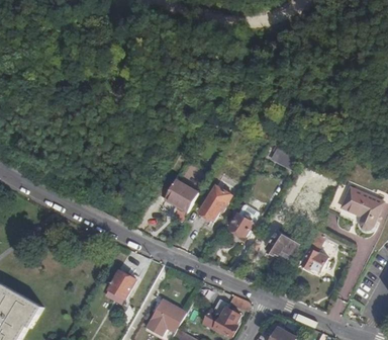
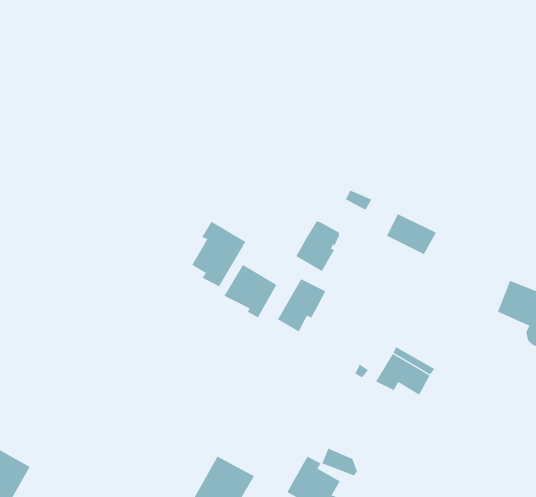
building: none -> [192,221,246,287]
building: [228,204,257,237] -> [295,221,340,272]
building: [301,235,326,272] -> none
building: [108,271,134,299] -> none

